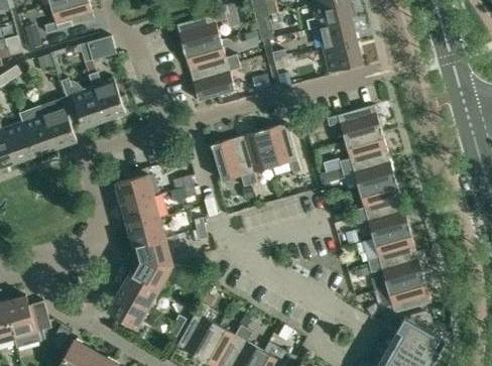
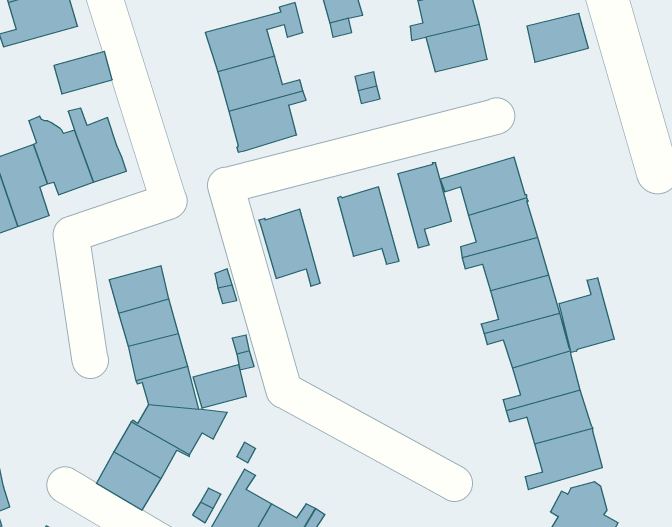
building: [323,41,362,73] -> [527,13,588,62]
building: [236,130,270,185] -> [398,163,451,248]
building: none -> [559,278,614,352]
building: none -> [193,365,246,408]

